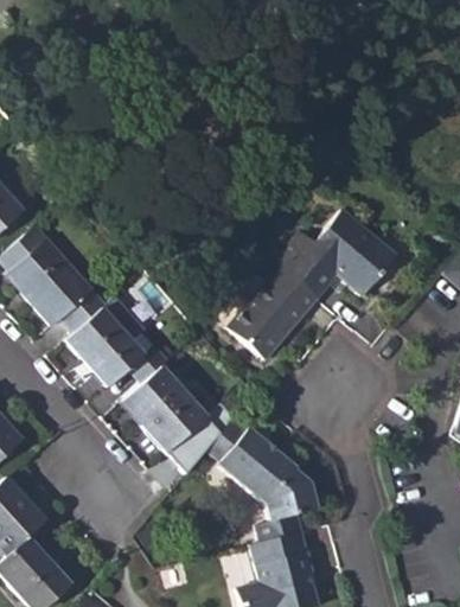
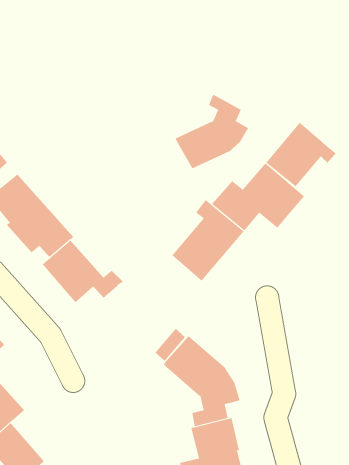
building: none -> [175,94,249,169]
building: none -> [266,122,337,187]
building: [124,366,206,454] -> none

